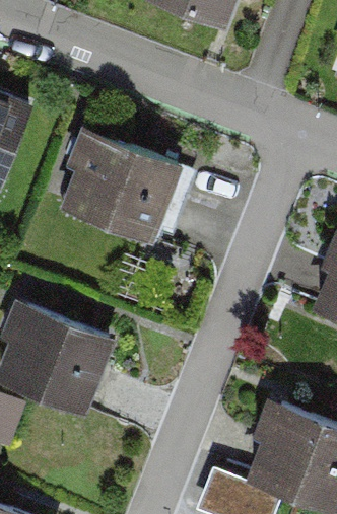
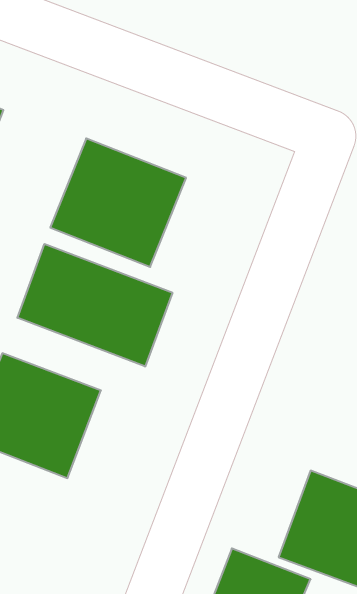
building: none -> [17,244,172,367]

